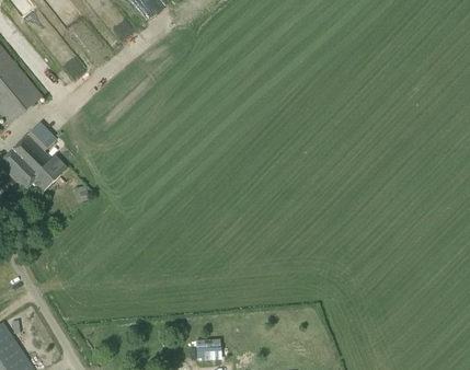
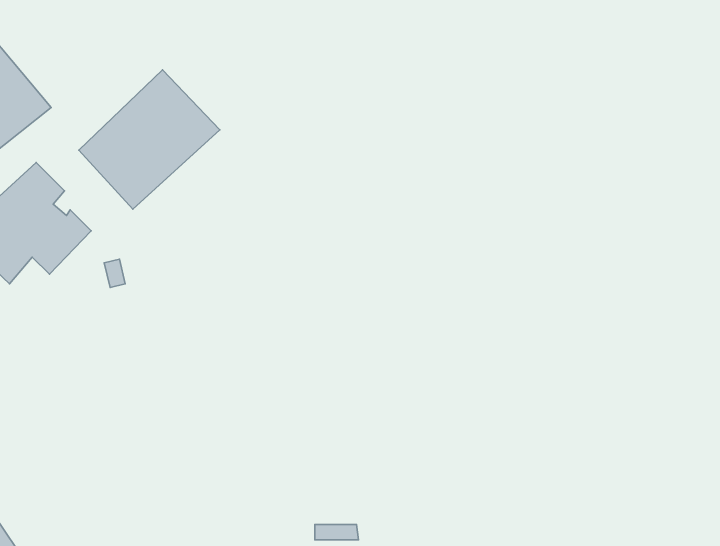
building: none -> [79,70,220,209]

